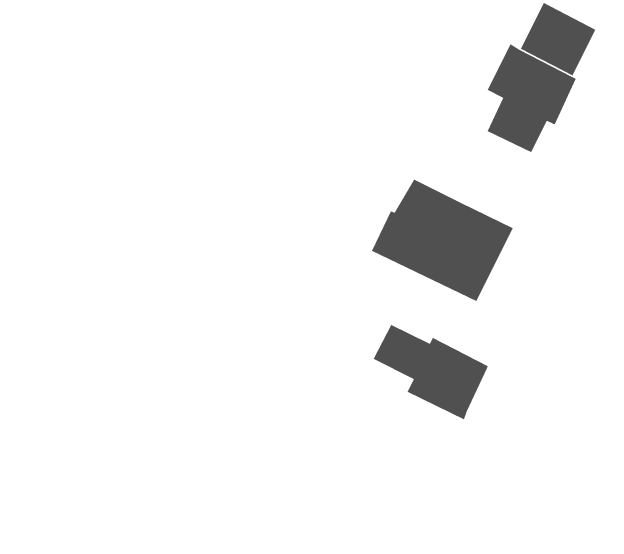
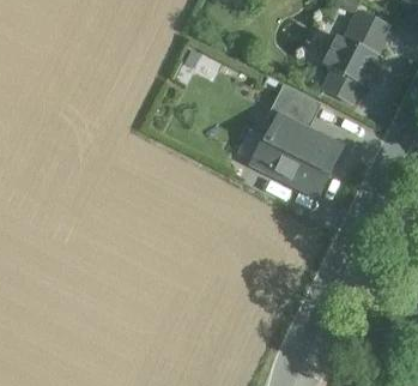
building: none -> [267,83,321,131]
building: [372,324,489,421] -> none

